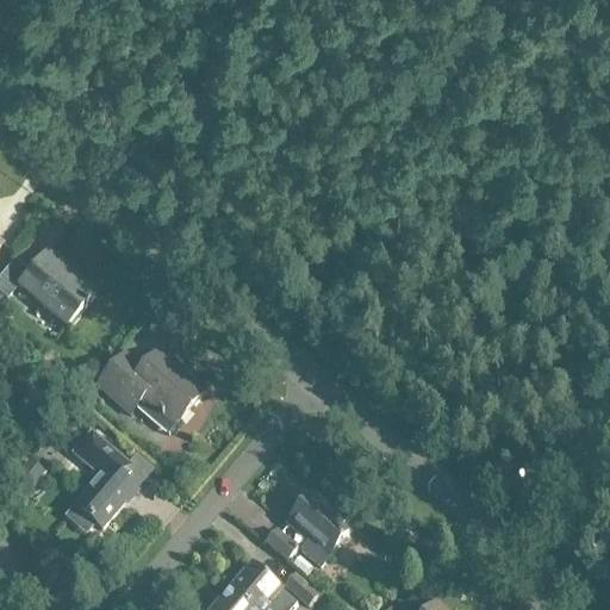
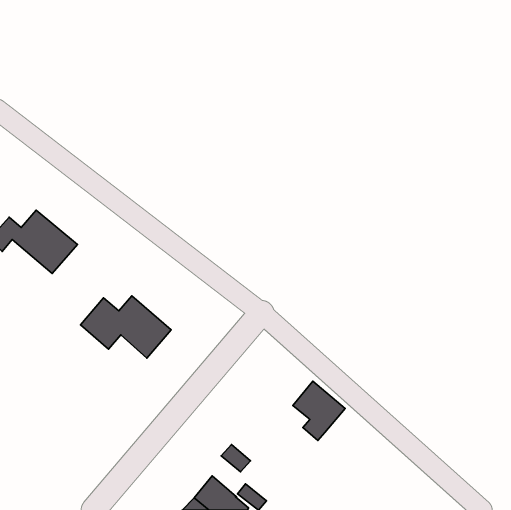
building: [68,424,151,527] -> none
building: [287,494,349,565] -> [293,381,345,441]

